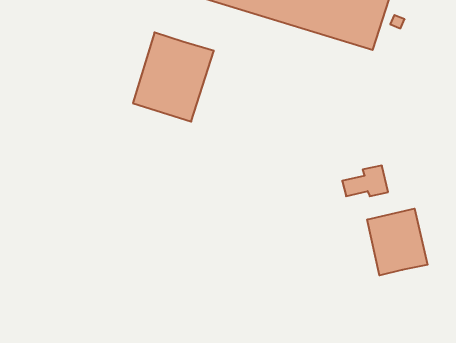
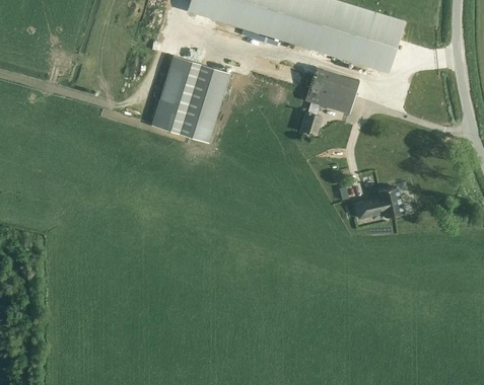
building: none -> [300,67,358,135]
building: [367,209,428,275] -> none

